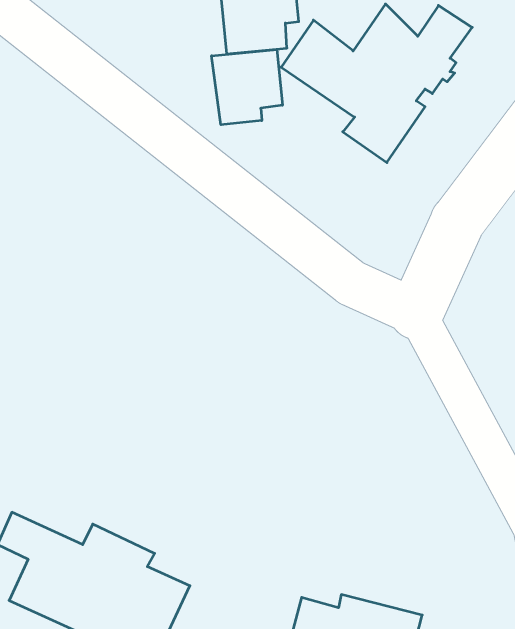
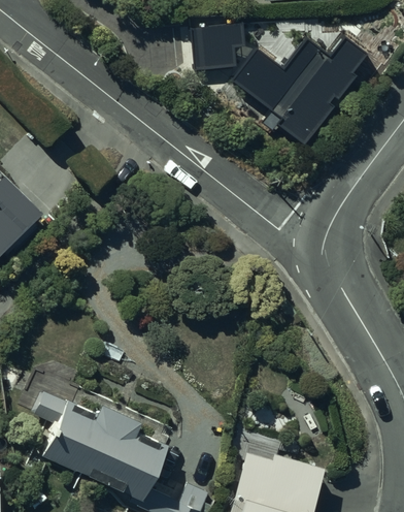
building: [212,49,282,125] -> none

